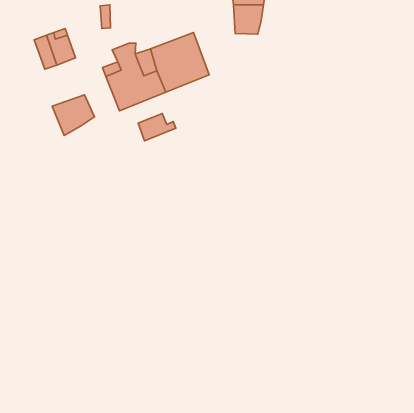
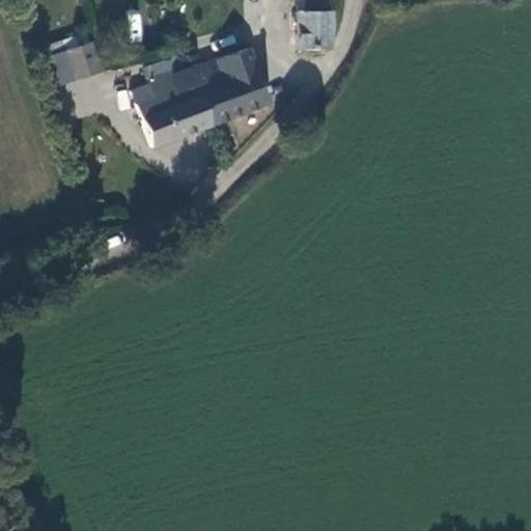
building: [52,95,95,136] -> none
building: [138,114,176,141] -> none

